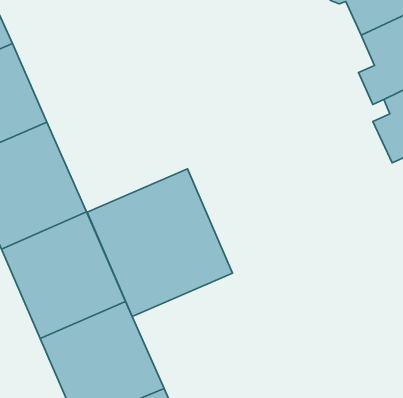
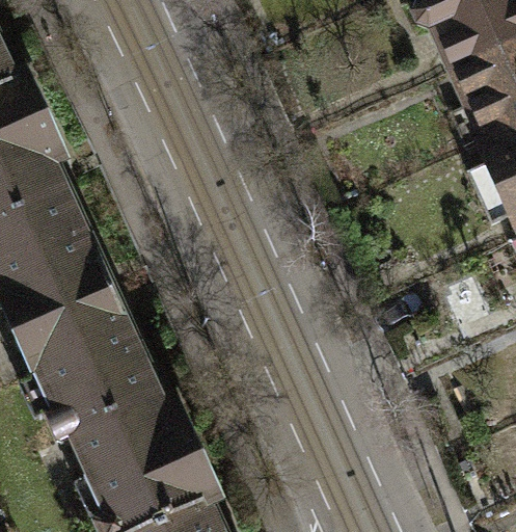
building: [87,169,233,317] -> none

